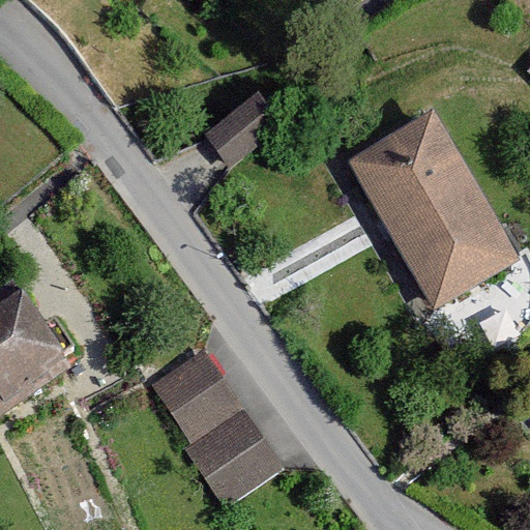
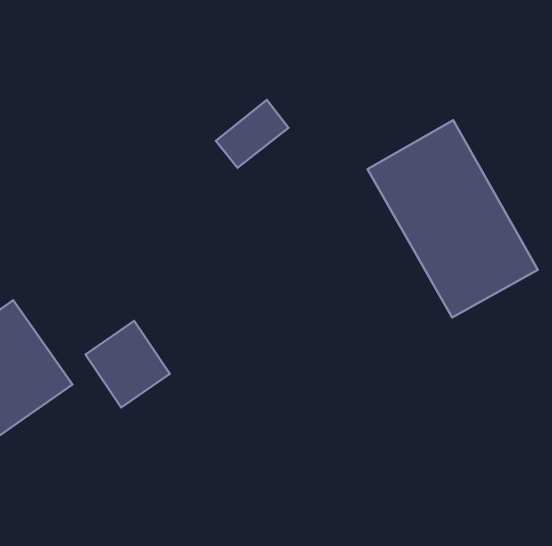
building: [155,349,236,432] -> [85,321,170,408]
building: [186,409,275,496] -> none

